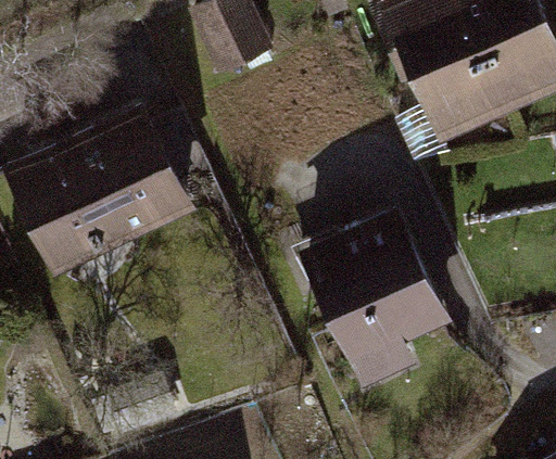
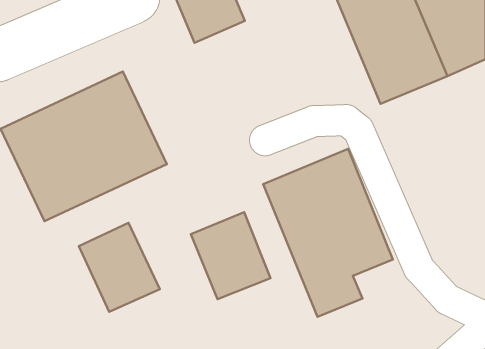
building: none -> [191,212,271,299]
building: none -> [79,223,160,312]

